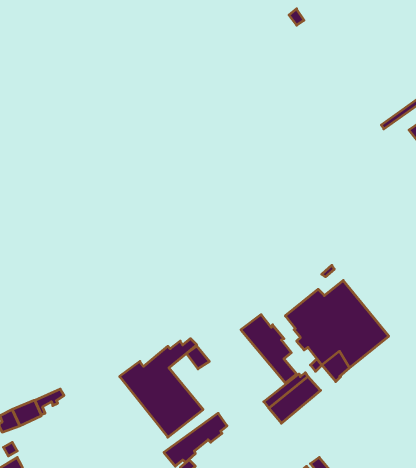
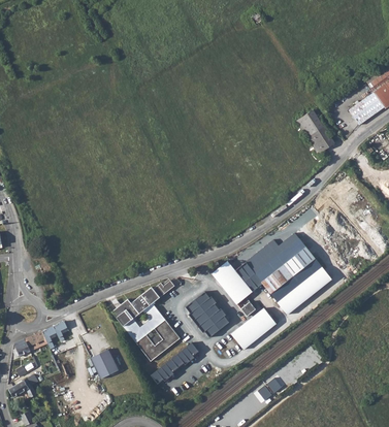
building: none -> [296,109,334,157]
building: none -> [186,291,229,336]
building: none -> [91,349,119,377]

